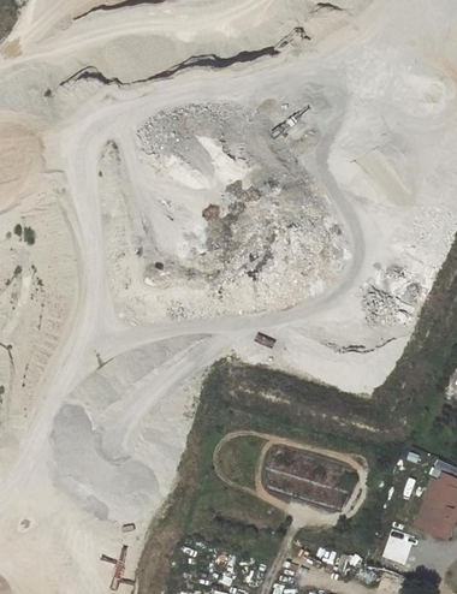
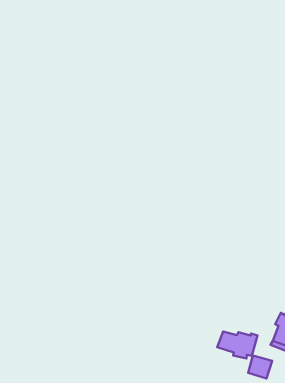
building: none -> [217,331,258,358]

